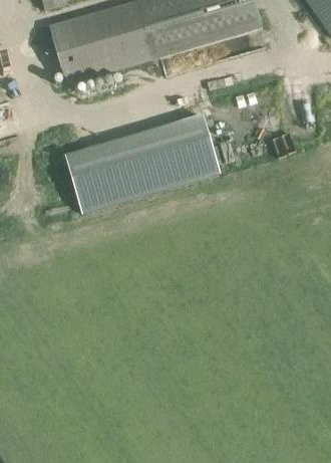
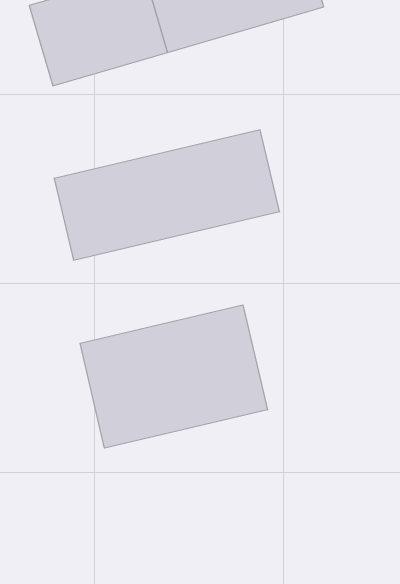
building: none -> [80,305,267,448]

